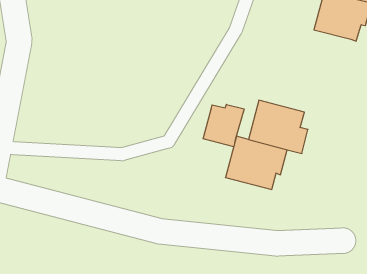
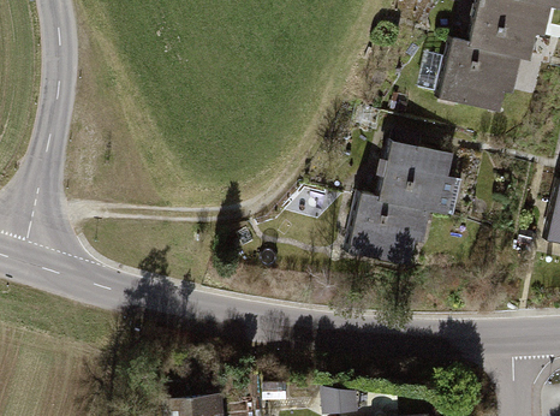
building: none -> [440,40,522,111]
building: [203,104,244,147] -> none

